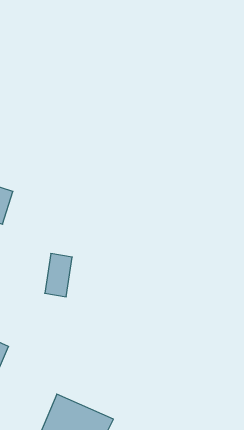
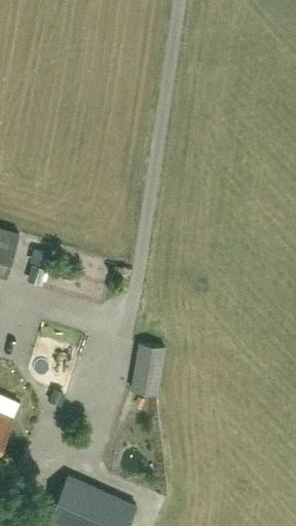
building: [45,254,72,297] -> [132,345,164,397]

